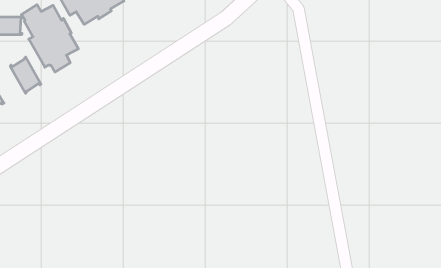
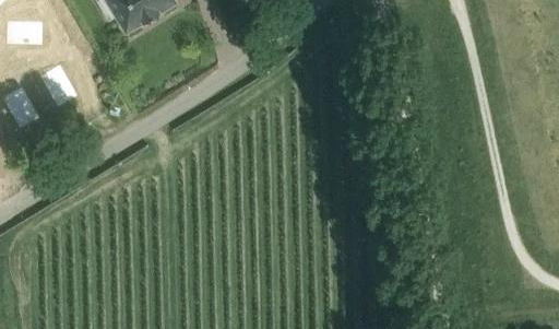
building: [21,5,78,72] -> none

